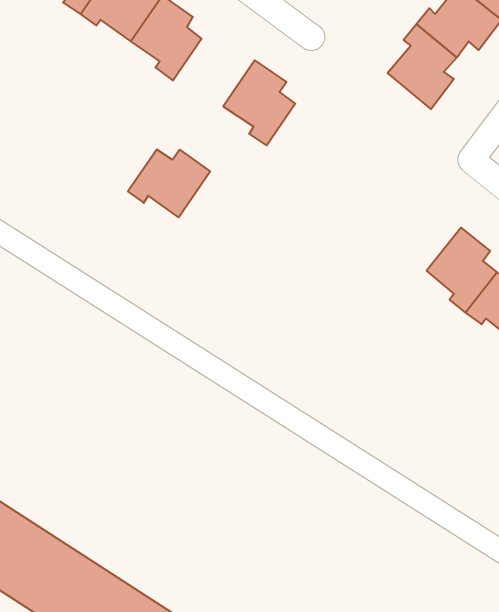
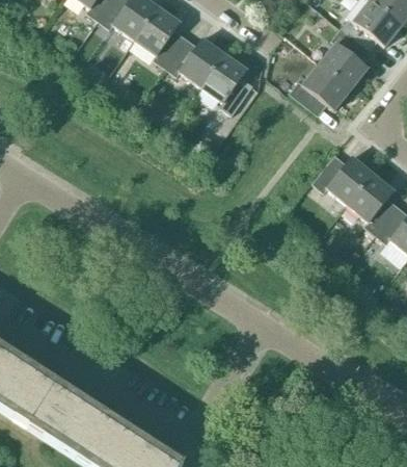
building: none -> [290,62,351,114]
building: [128,150,210,217] -> [165,37,224,86]
building: none -> [313,154,373,205]

